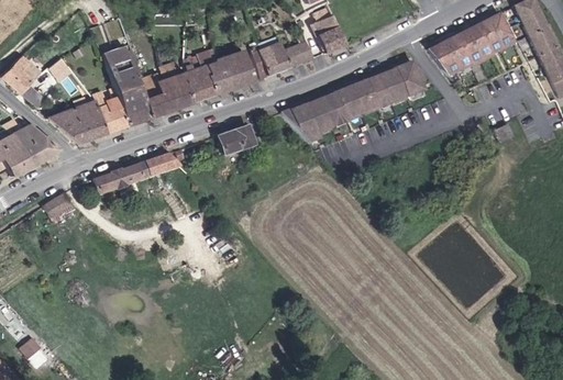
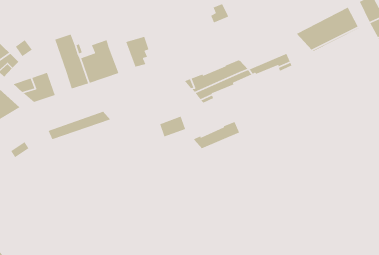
building: [318,26,346,53] -> none
building: [247,30,313,78] -> none
building: [178,44,212,102] -> none
building: [224,46,254,90] -> none
building: [352,59,417,97] -> [192,121,240,149]
building: [97,100,126,132] -> none
building: [218,124,254,154] -> [159,116,186,138]

